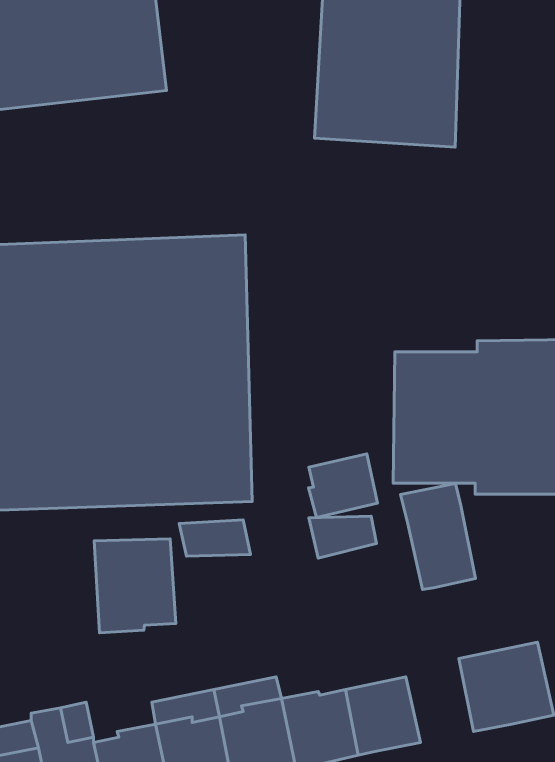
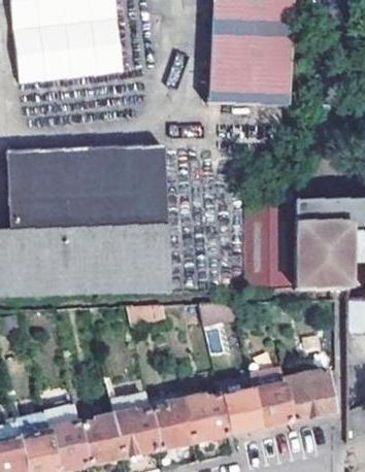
building: [309,454,377,518] -> none
building: [401,484,475,590] -> [252,368,294,428]
building: [94,539,176,633] -> none

